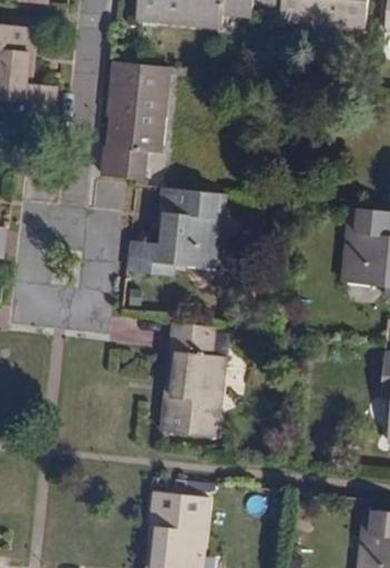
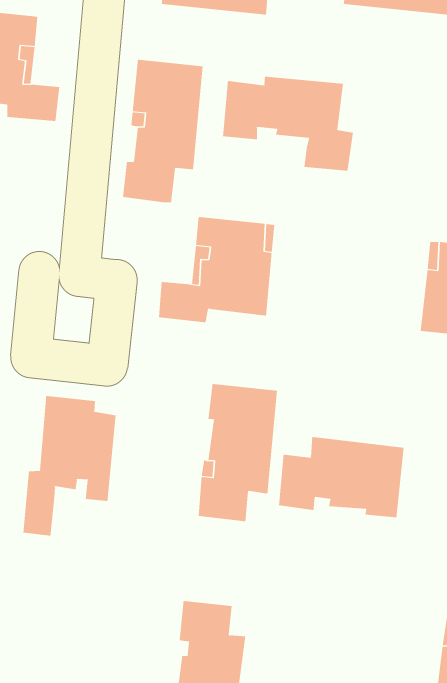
building: none -> [222,76,353,171]
building: none -> [23,395,116,536]
building: none -> [278,436,404,518]

